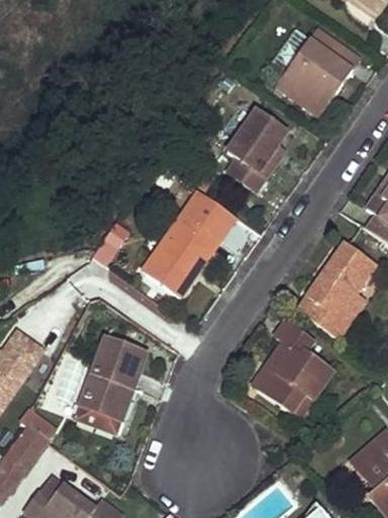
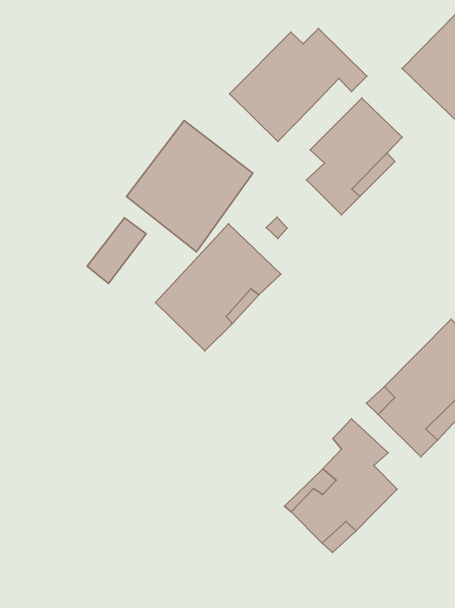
building: none -> [230,28,367,141]
building: none -> [127,121,253,252]
building: [75,336,148,431] -> none

